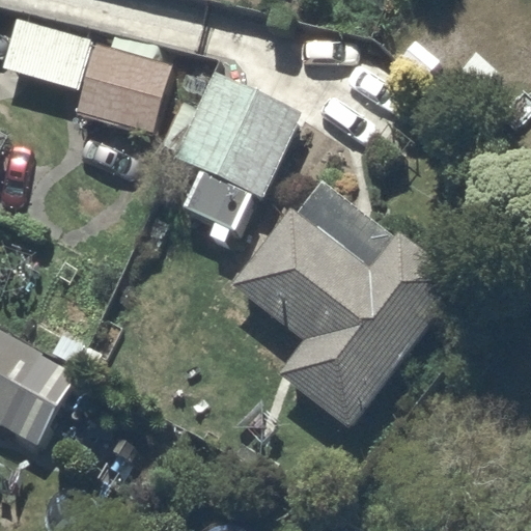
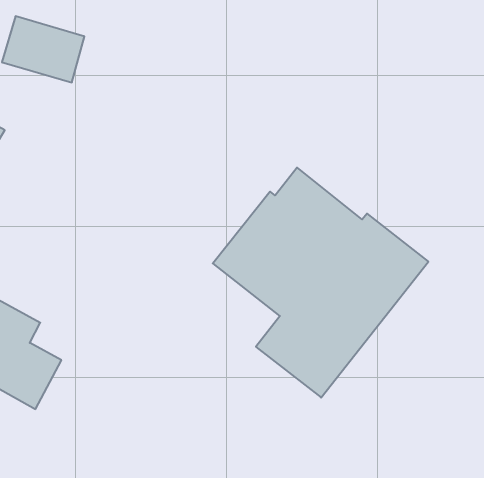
building: [73,30,171,135] -> none
building: [160,69,302,245] -> none

